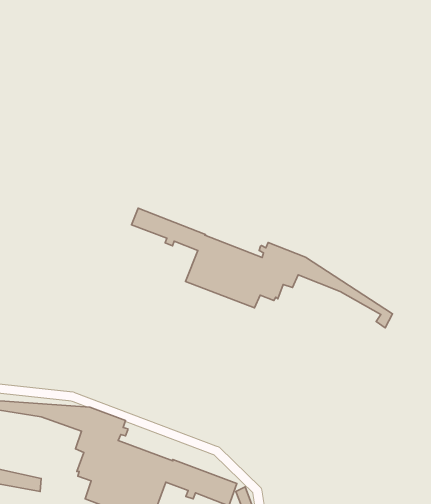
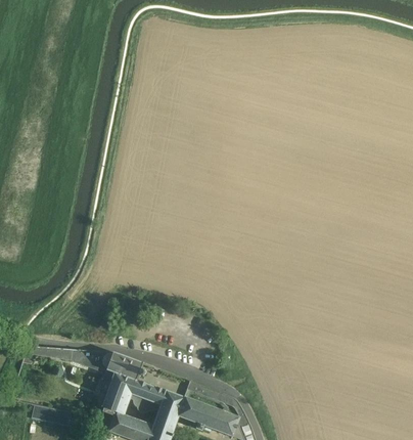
building: [131,208,392,328] -> none

